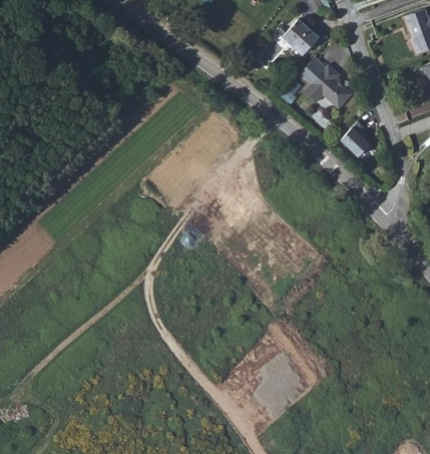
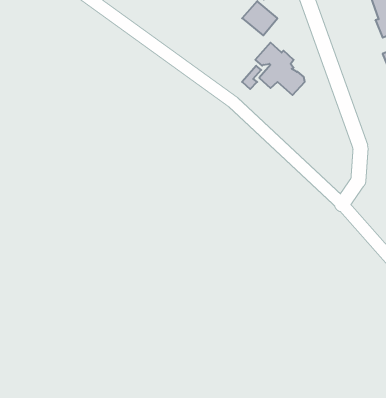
building: [339,121,373,160] -> none

